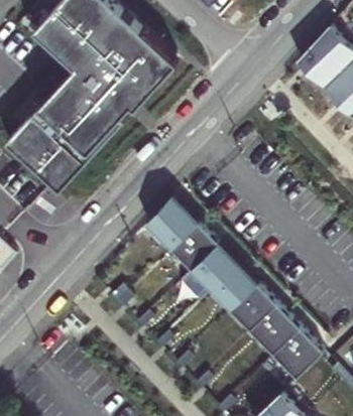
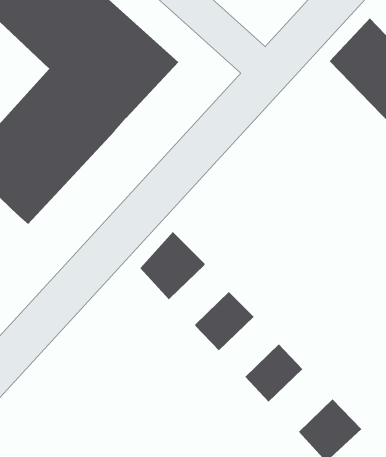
building: [169,223,216,269] -> none
building: [208,263,256,310] -> none
building: [247,304,298,354] -> none

